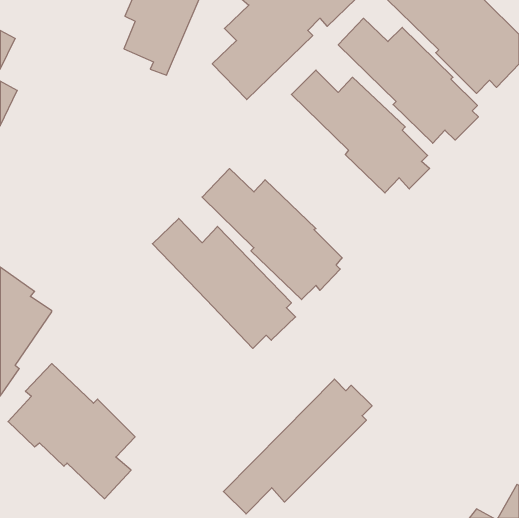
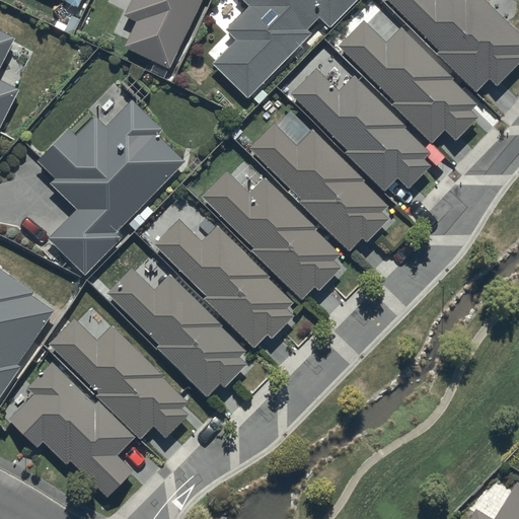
building: none -> [38,99,183,275]
building: none -> [247,122,388,249]
building: none -> [106,266,247,396]
building: none -> [45,307,188,439]
building: [223,379,372,514] -> none

